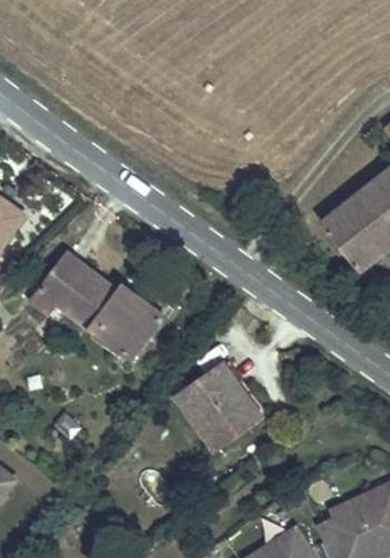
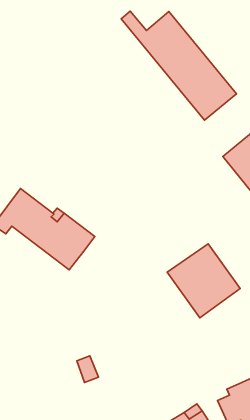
building: none -> [121,11,236,120]
building: [171,364,264,459] -> [167,244,240,318]

